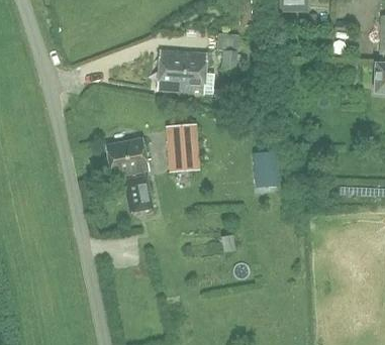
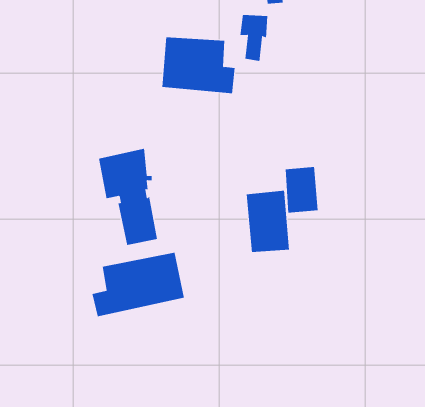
building: [166,122,200,170] -> [246,190,290,253]
building: none -> [92,252,184,317]

